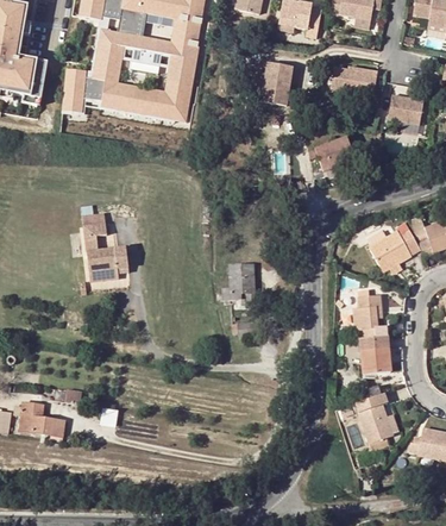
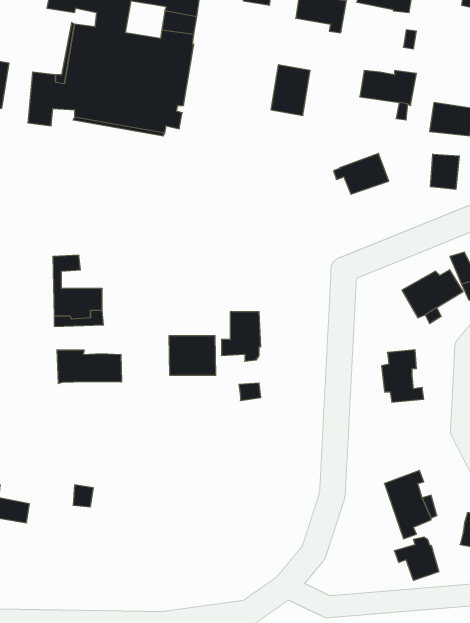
building: none -> [431,154,459,189]
building: none -> [169,336,216,375]
building: none -> [57,350,121,384]
building: [360,336,391,372] -> none
building: none -> [395,537,439,580]

